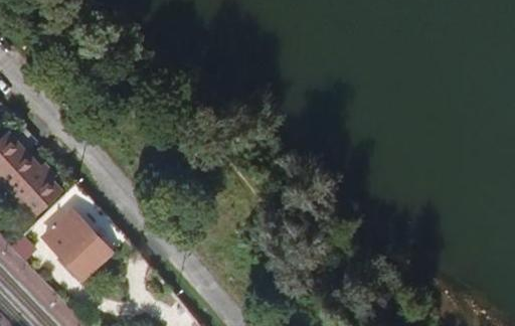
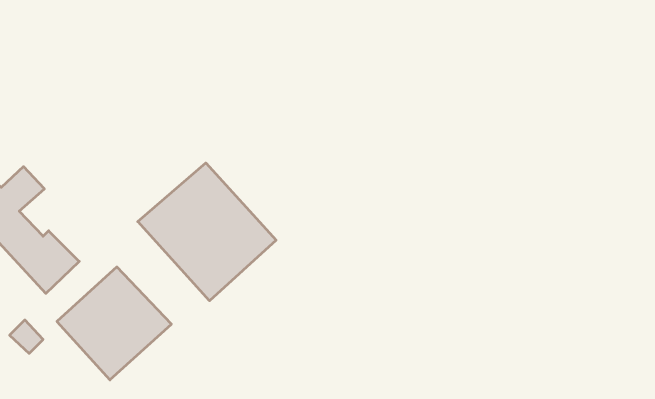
building: none -> [138,163,276,301]

